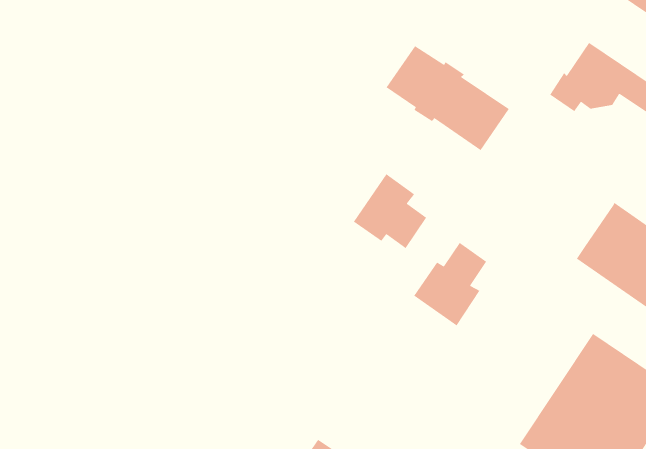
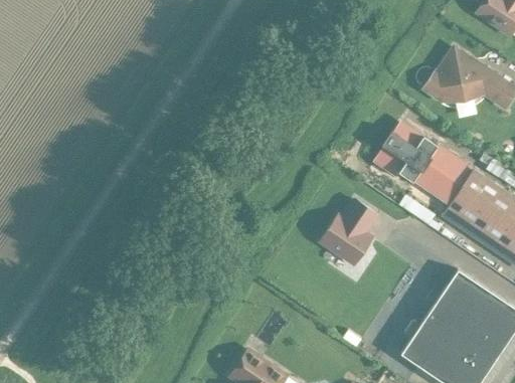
building: [386,45,510,151] -> [378,124,473,204]
building: [353,173,427,249] -> none

